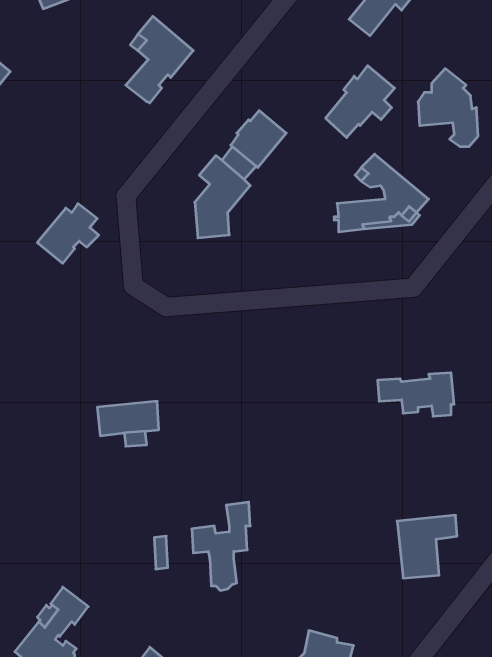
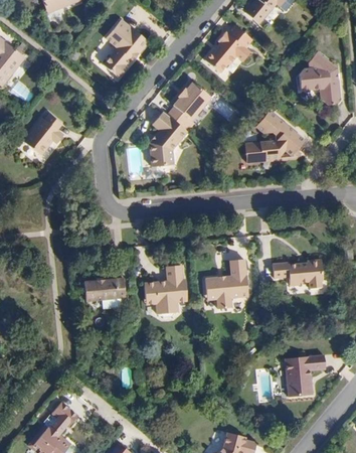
building: [326,66,395,138] -> [205,25,251,73]
building: [37,204,99,263] -> [24,115,65,155]
building: none -> [207,257,248,307]
building: [192,502,250,590] -> [143,265,182,324]

